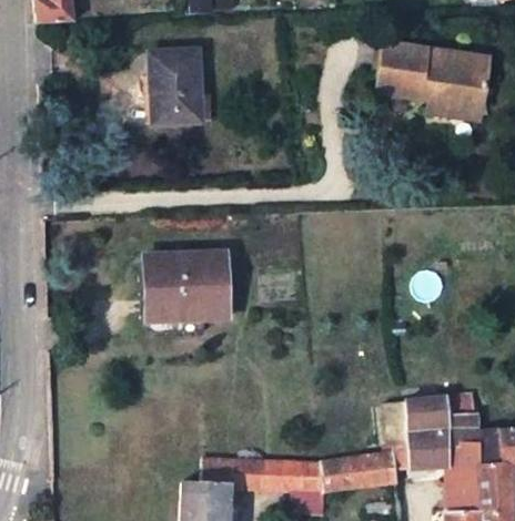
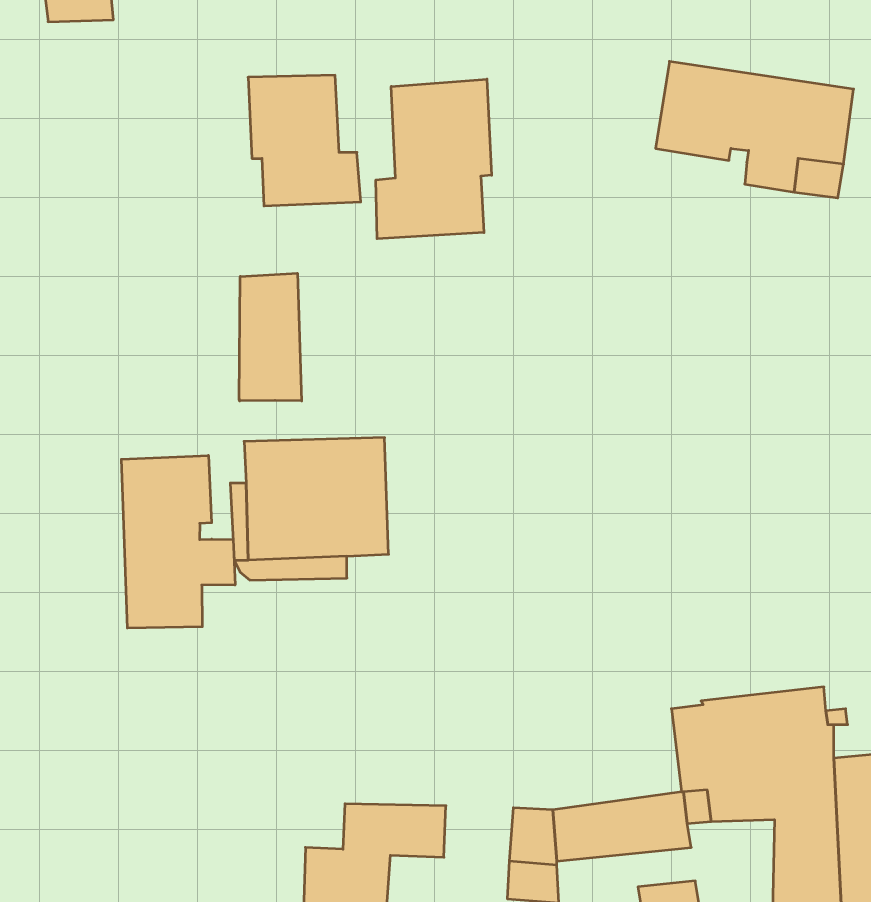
building: none -> [376,79,492,239]
building: none -> [239,273,302,401]
building: none -> [121,455,235,628]
building: [260,459,299,490] -> none

